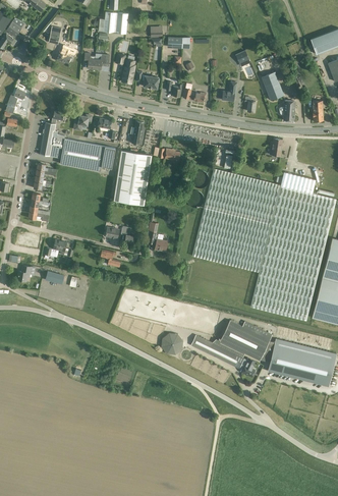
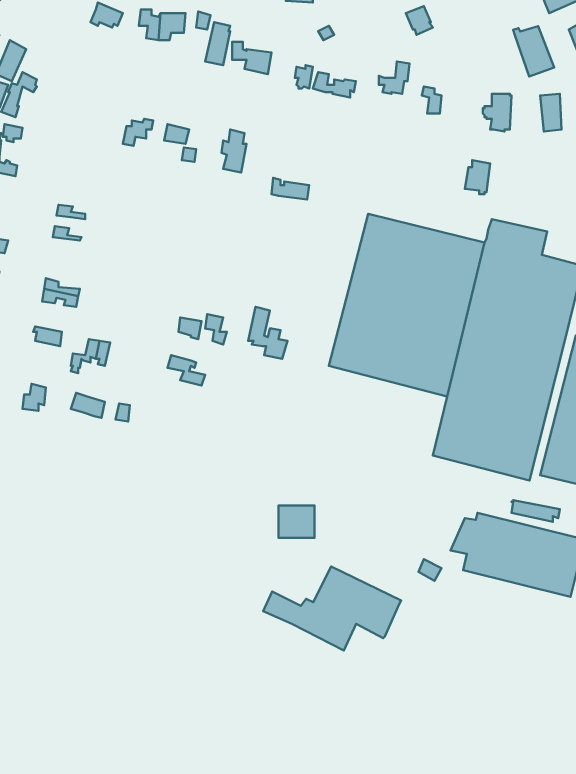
building: [261,72,284,101] -> [513,26,554,76]
building: [40,111,115,172] -> none
building: [113,151,152,206] -> none
building: [191,321,270,369] -> [263,567,401,651]

